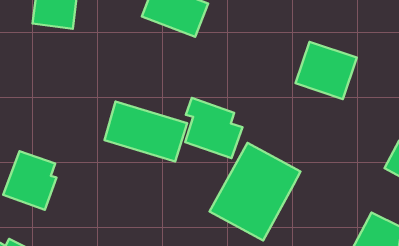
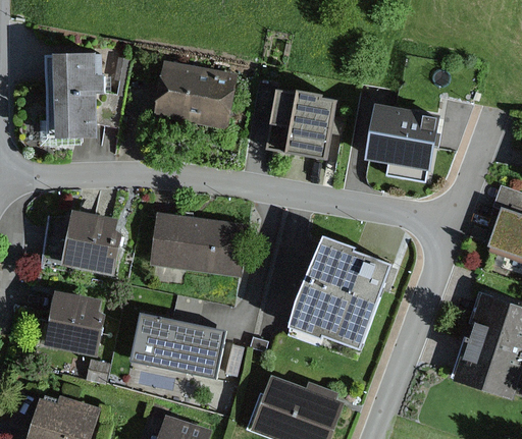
building: none -> [57,209,117,275]
building: [185,98,242,158] -> [275,92,345,156]
building: none -> [128,313,220,376]

